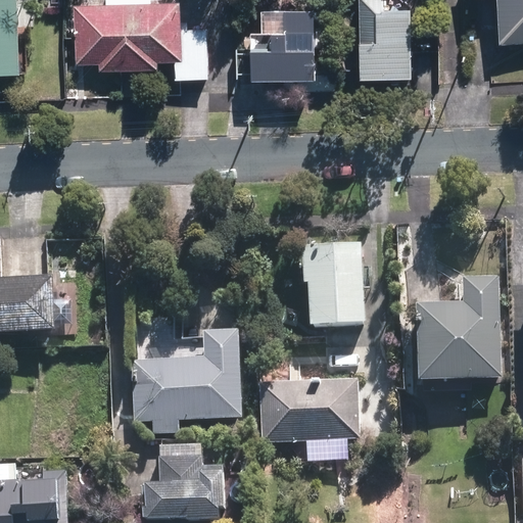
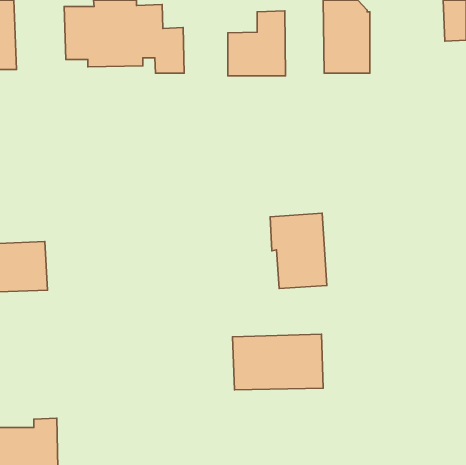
building: [418,272,502,376] -> none
building: [131,326,242,431] -> none
building: [143,455,223,517] -> none

